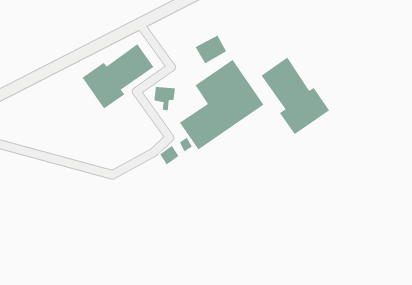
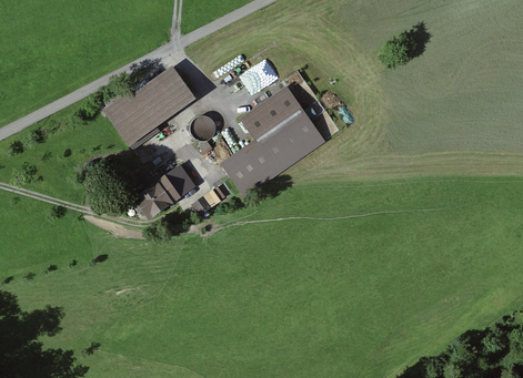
building: [261,57,330,135] -> none
building: none -> [133,164,194,216]

